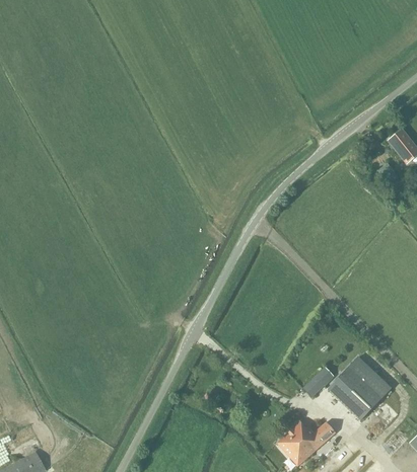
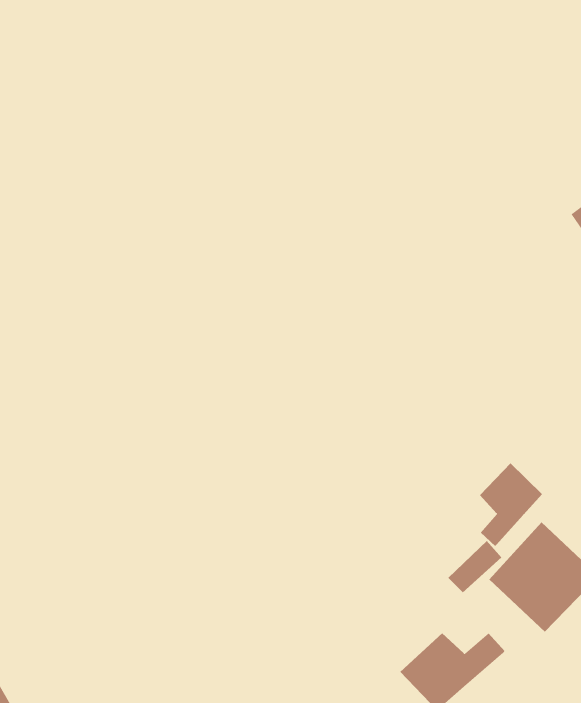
building: none -> [479,462,543,547]

